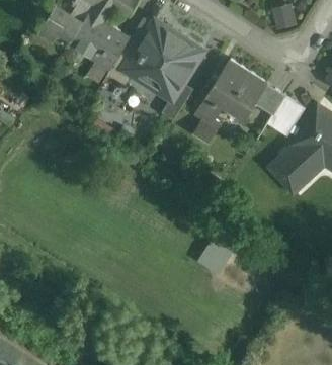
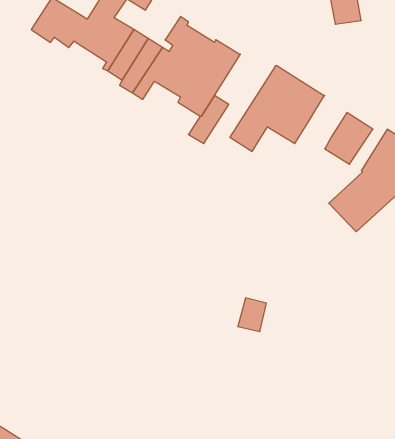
building: [255,84,285,115] -> none

